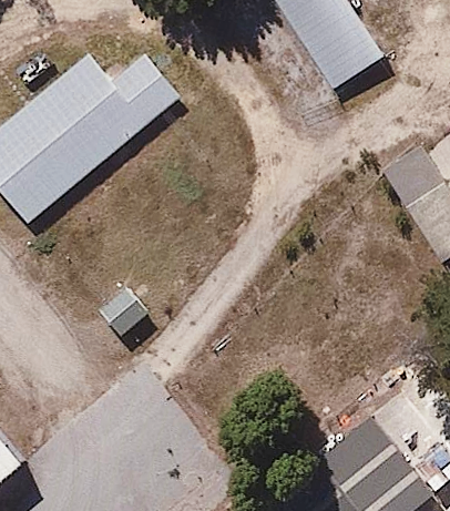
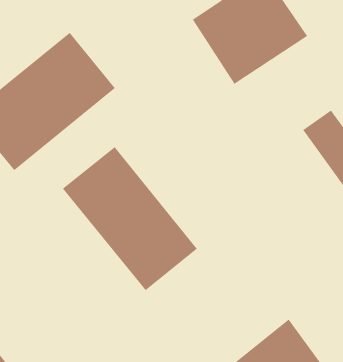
building: none -> [62,146,198,291]

